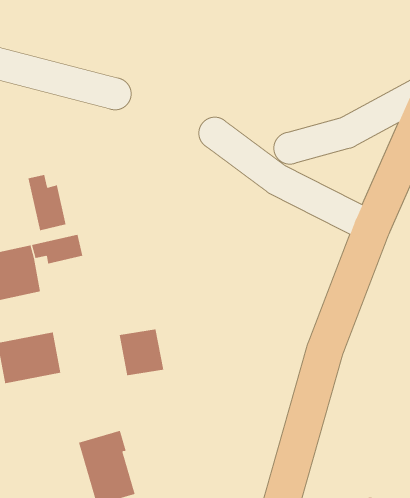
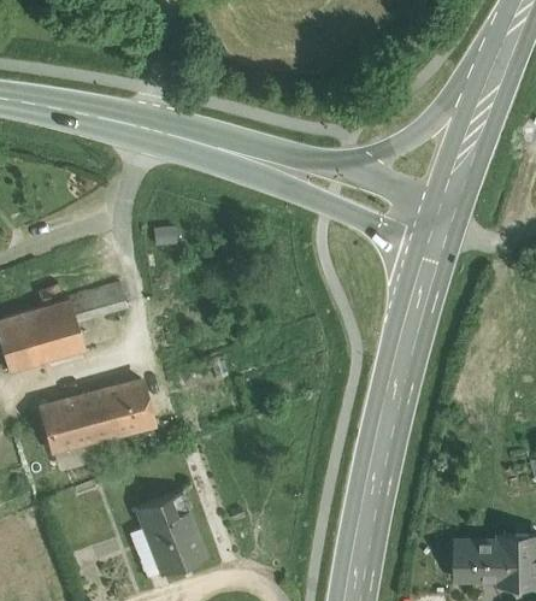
building: [28,174,66,231] -> none
building: [119,329,164,376] -> [101,381,153,434]

